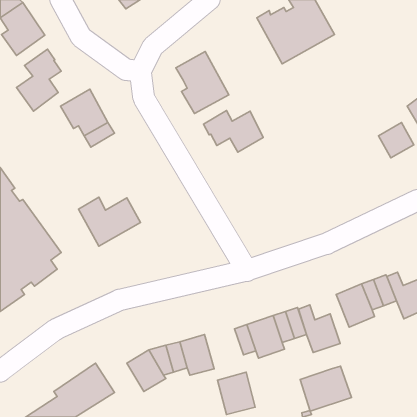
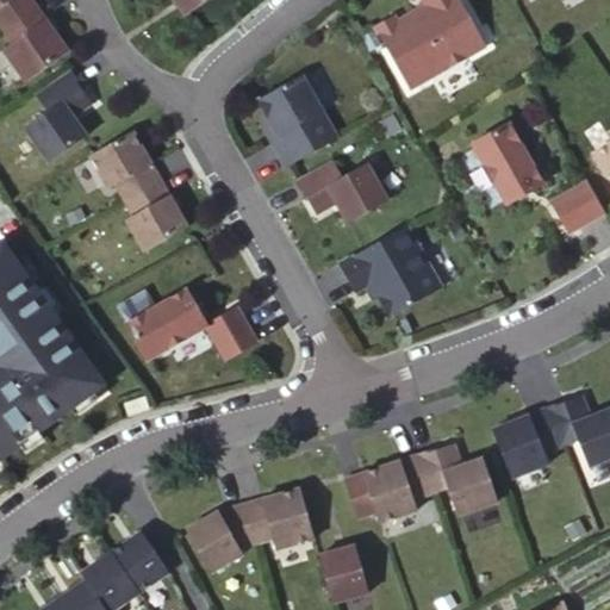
building: none -> [472,119,543,203]
building: none -> [126,194,187,251]
building: none -> [338,224,442,316]
building: none -> [206,307,255,359]
building: [300,366,351,411] -> none

